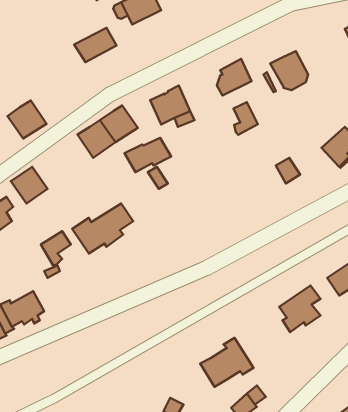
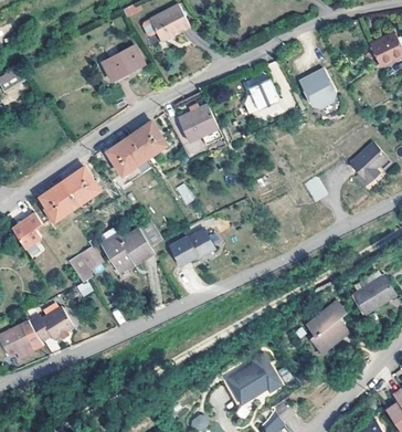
building: [8,101,47,138] -> [61,168,99,206]
building: [234,102,258,135] -> none
building: [124,138,171,172] -> [169,231,215,265]

